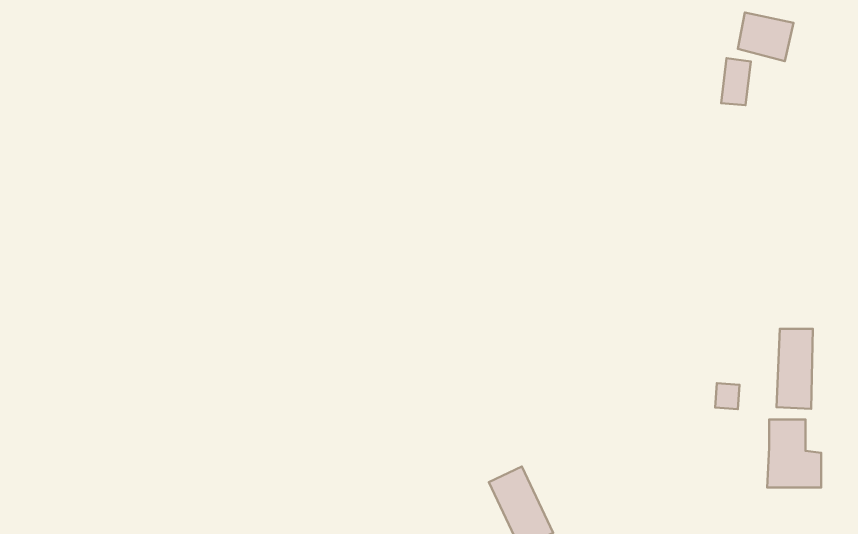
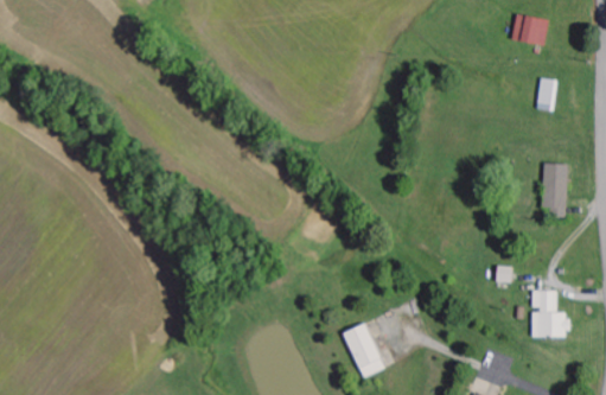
building: [721,58,751,105] -> [537,78,557,110]
building: [776,329,813,409] -> [543,164,568,218]

